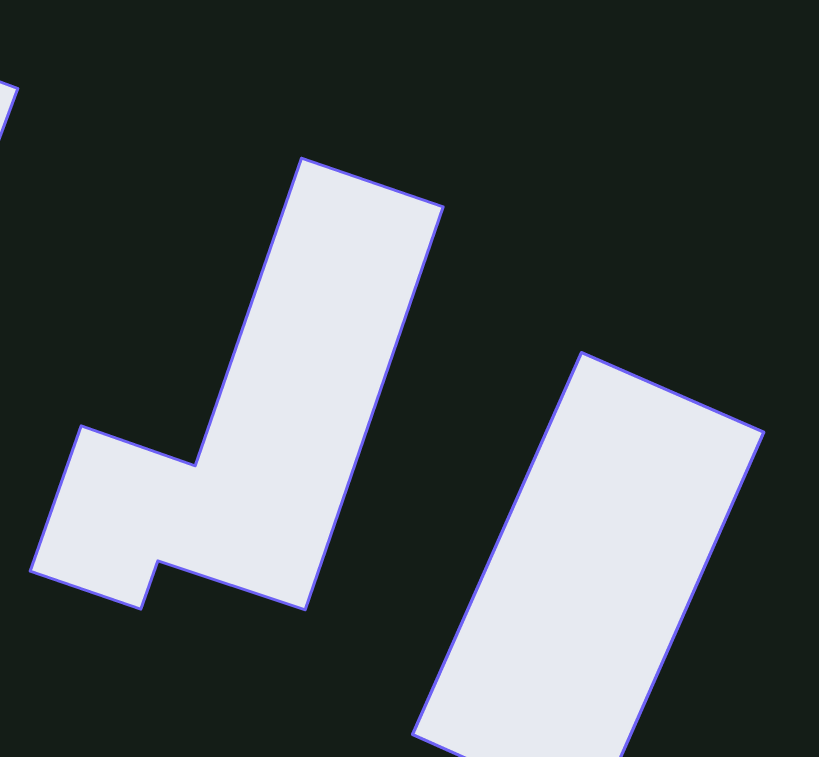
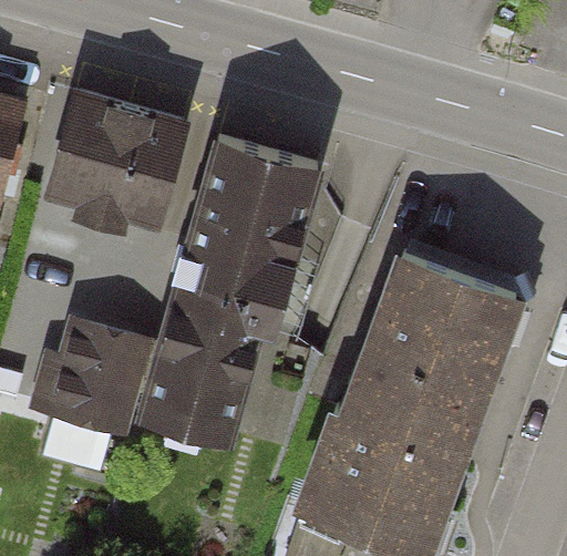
building: none -> [52,99,177,224]

